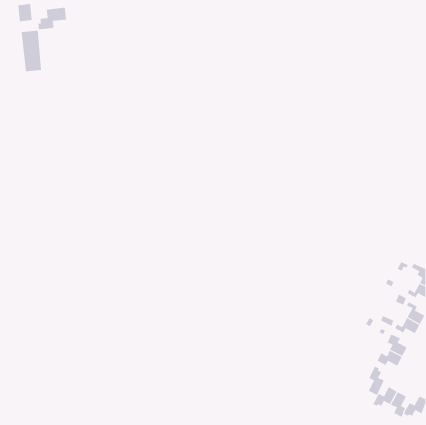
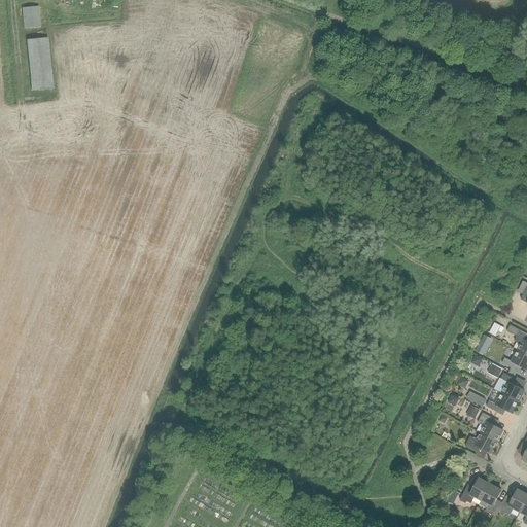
building: [38,7,67,30] -> none
building: [368,366,385,396] -> none

